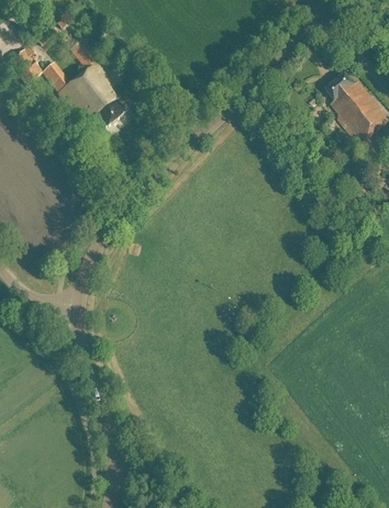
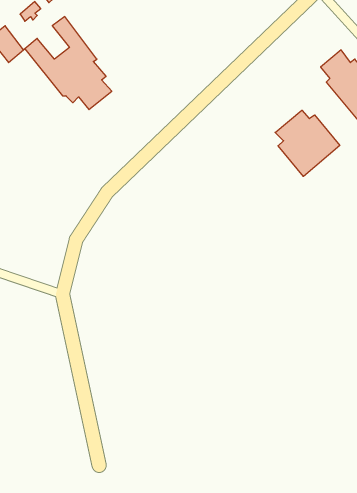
building: none -> [275,110,340,176]

